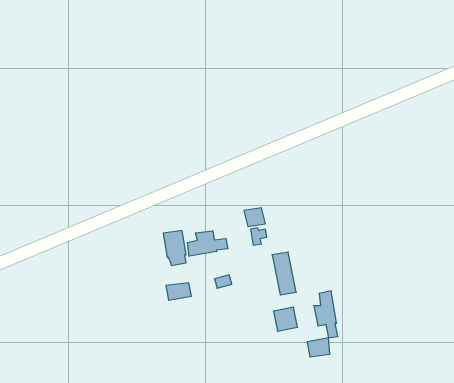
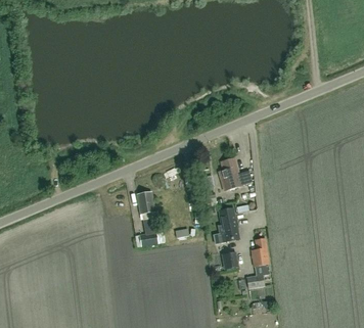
building: none -> [219,156,253,189]
building: [187,231,228,256] -> none

